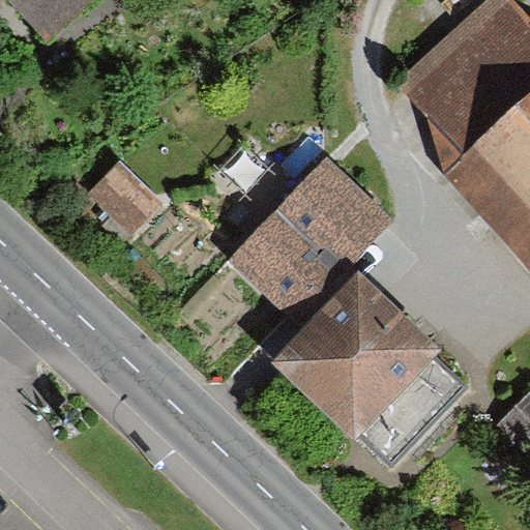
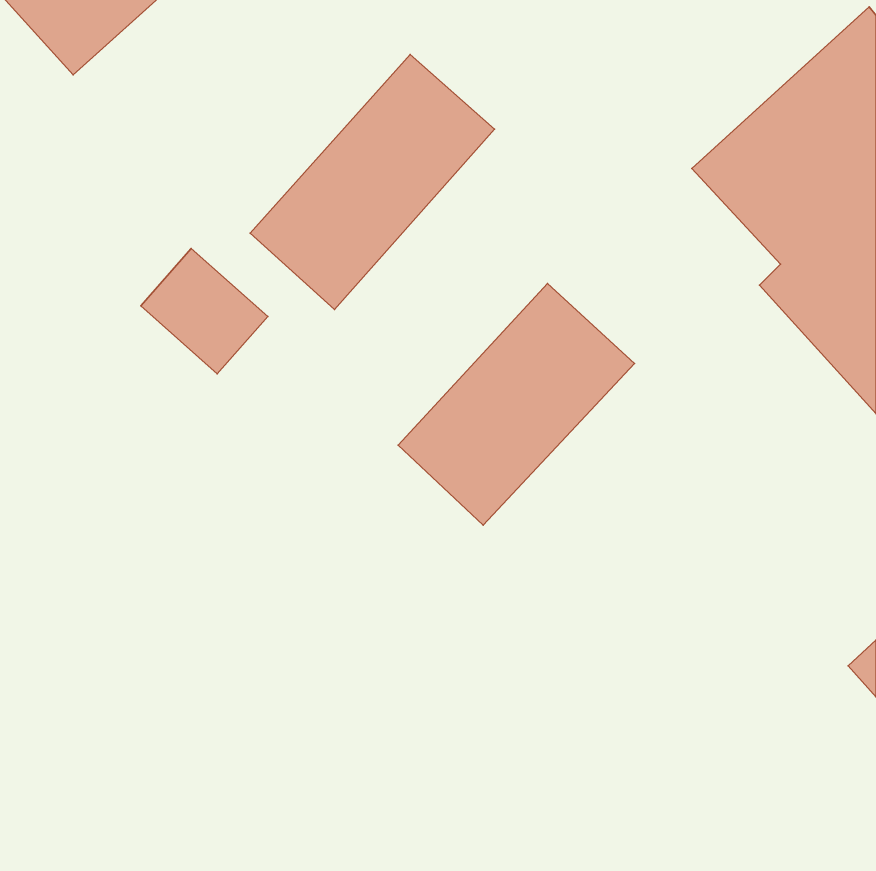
building: none -> [250,54,494,310]
building: [285,282,464,459] -> none

